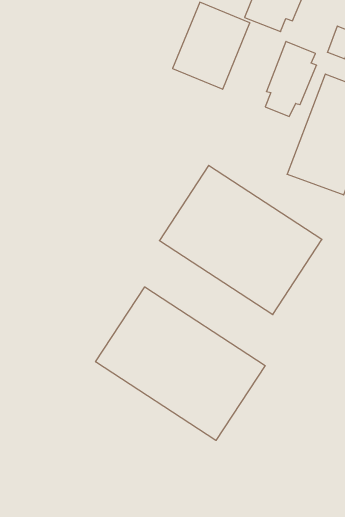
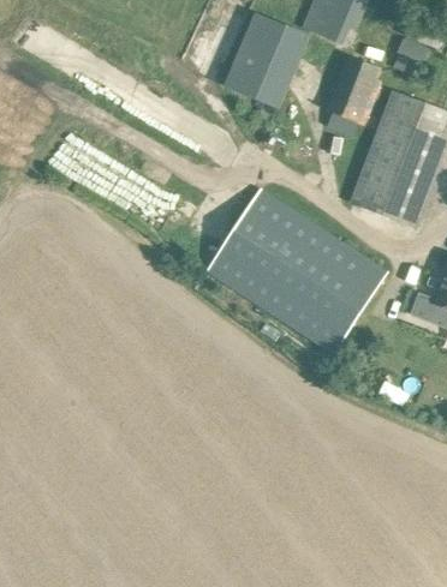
building: [96,287,265,440] -> none

